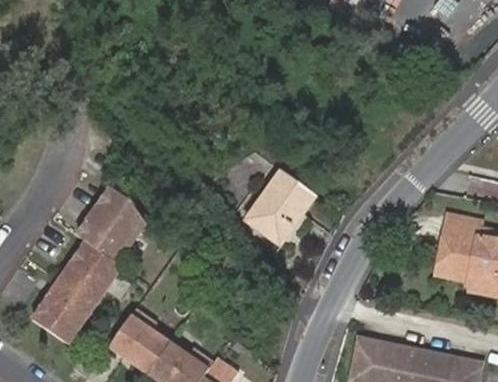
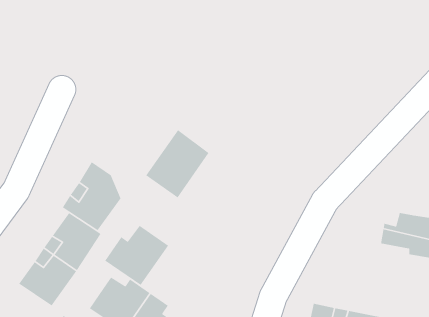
building: [242,167,313,243] -> [145,129,209,198]
building: [435,215,473,255] -> none
building: none -> [104,225,169,286]

